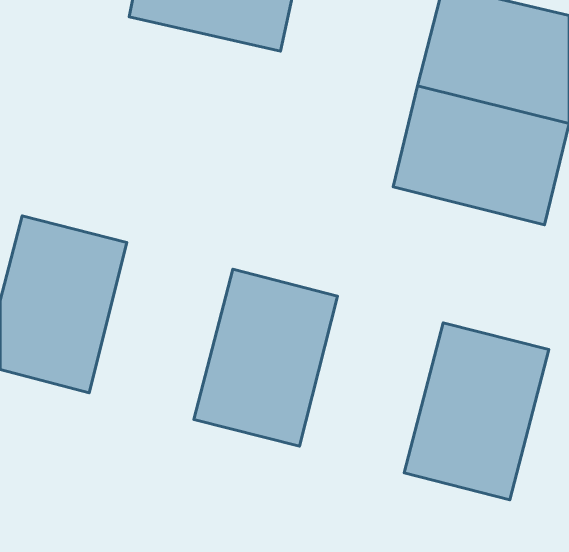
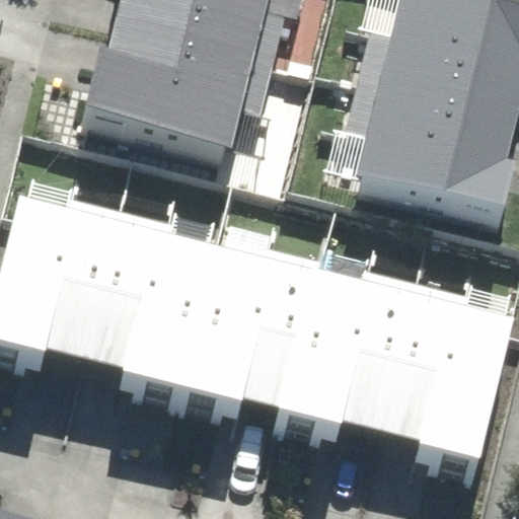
building: none -> [95,15,255,143]
building: none -> [81,221,212,382]
building: none -> [273,270,403,431]

